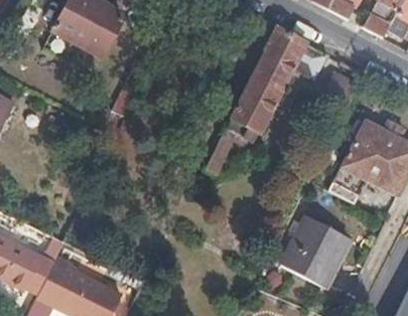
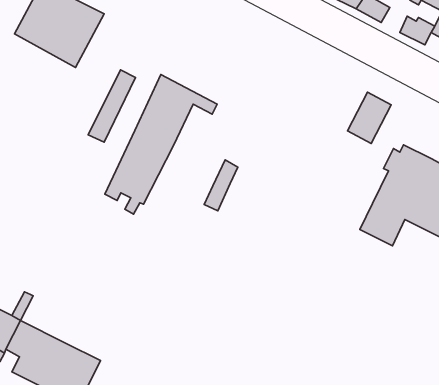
building: [230,26,320,139] -> [105,74,217,214]
building: [285,218,351,286] -> none

